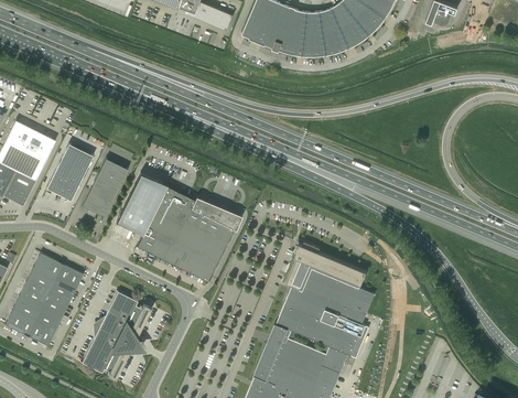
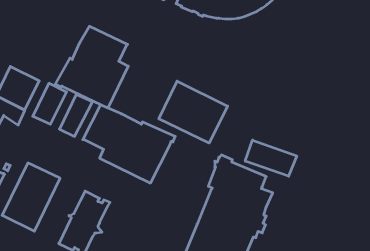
building: none -> [55,26,128,108]
building: none -> [159,81,228,143]
building: none -> [245,140,297,176]

